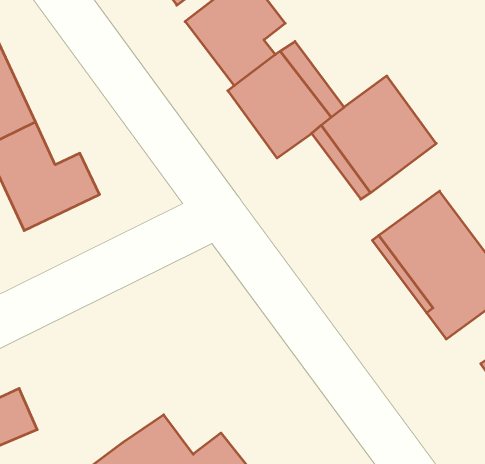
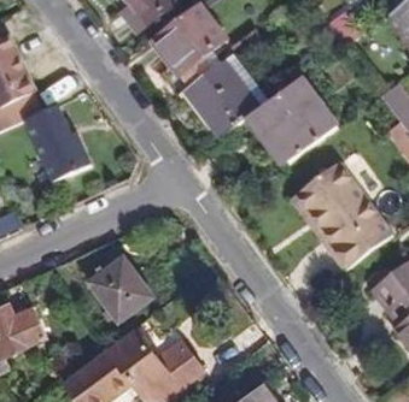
building: none -> [88,254,153,321]

